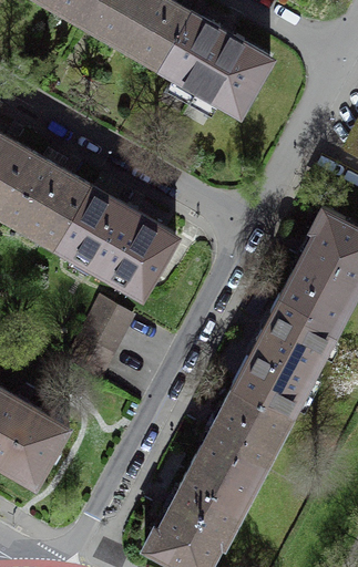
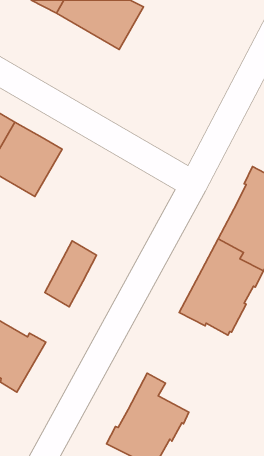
building: [160,17,270,116] -> none
building: [57,190,175,298] -> none
building: [194,390,293,512] -> none

